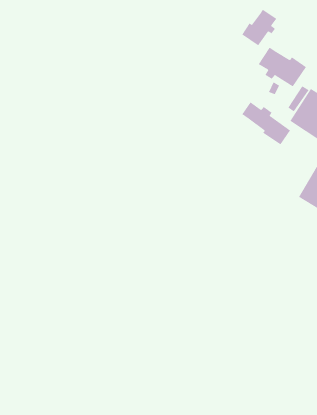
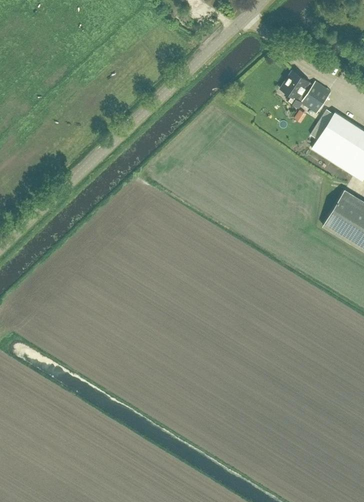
building: [241,9,277,46] -> none
building: [241,102,291,145] -> none

